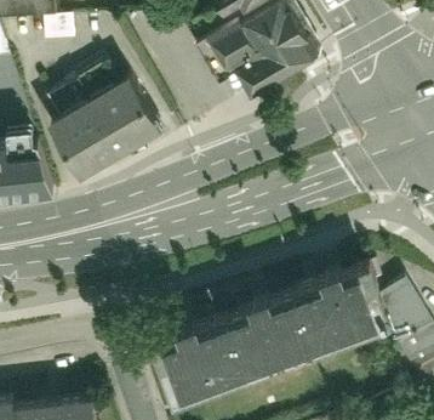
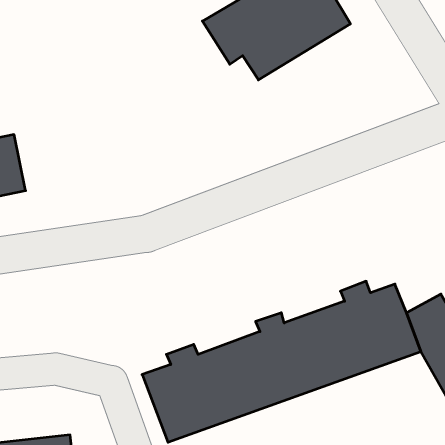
building: [47,59,161,176] -> none

